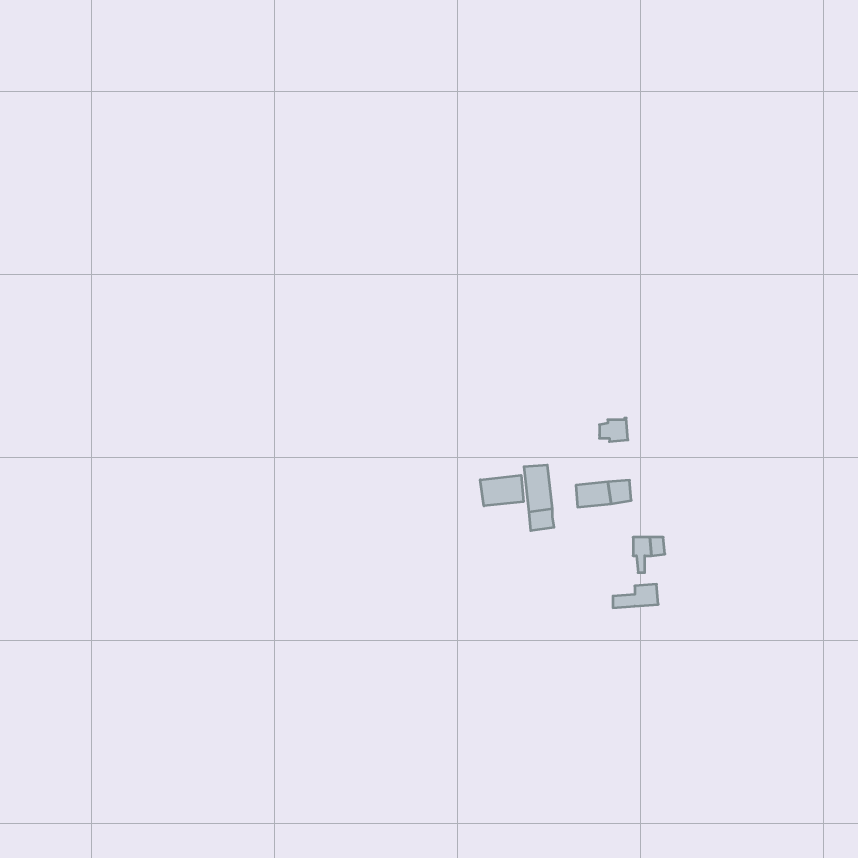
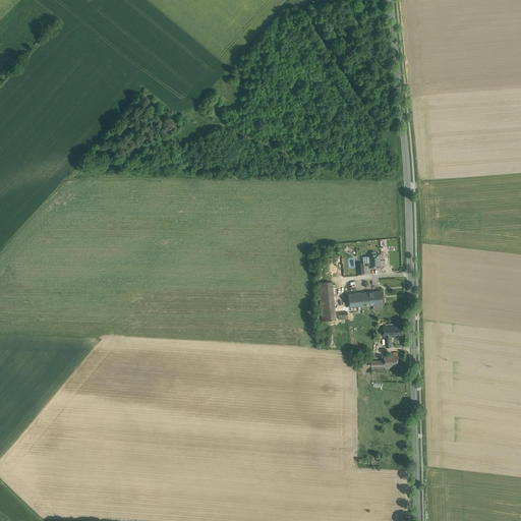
building: [480,475,523,506] -> none

